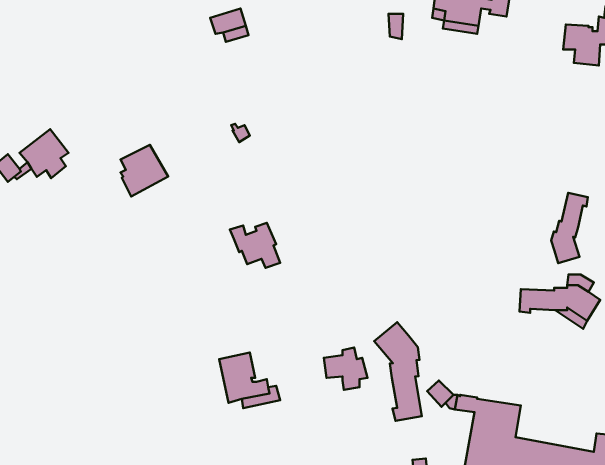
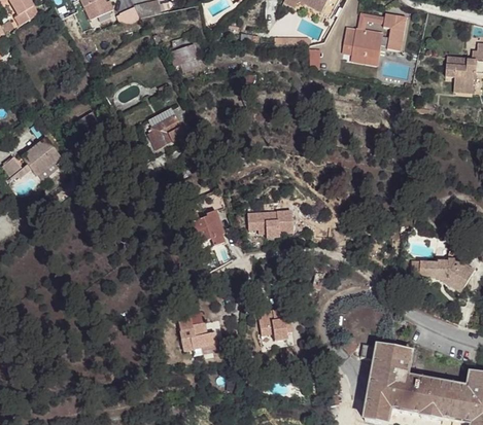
building: [121,145,168,196] -> [147,109,184,149]
building: [551,193,588,263] -> none
building: none -> [247,212,292,238]
building: [374,322,422,421] -> none

